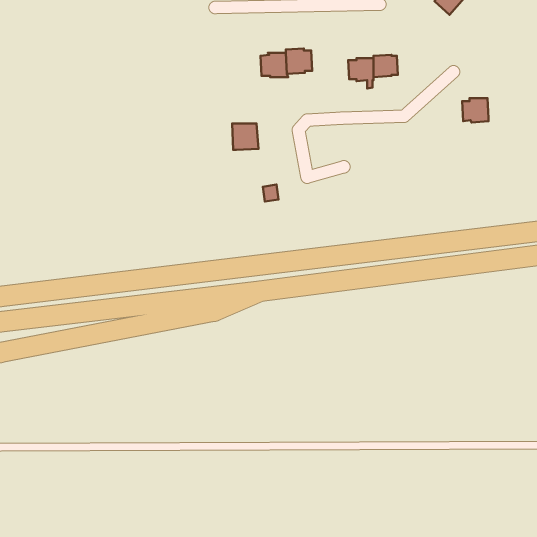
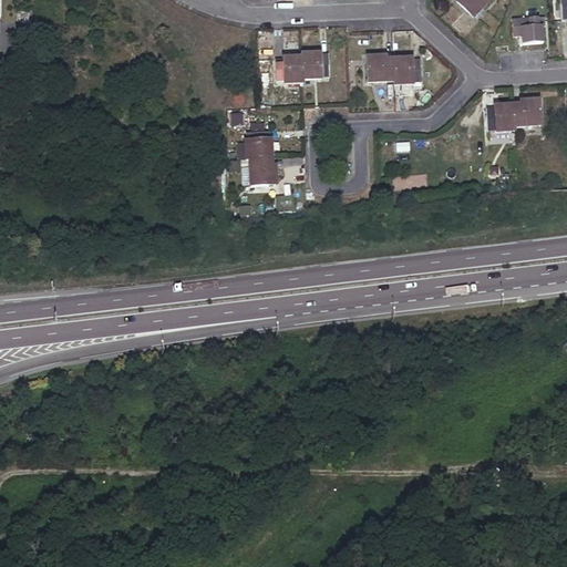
building: none -> [512,20,543,45]
building: none -> [514,97,542,124]
building: none -> [250,156,277,184]

